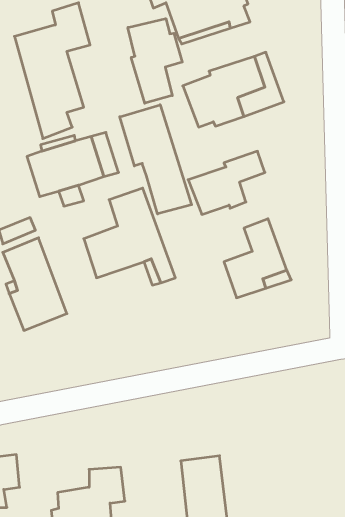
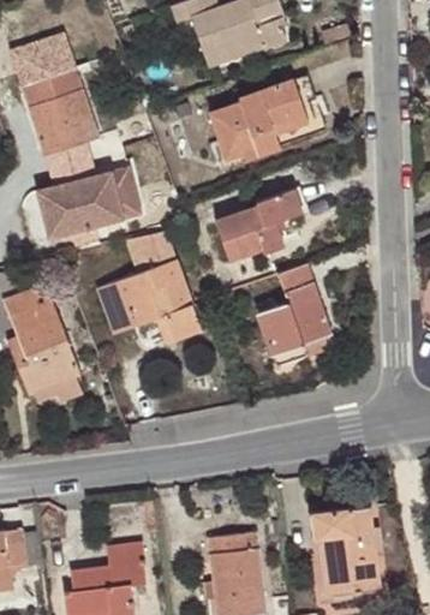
building: [128,19,182,103] -> none
building: [120,105,192,214] -> none
building: none -> [310,510,377,597]

